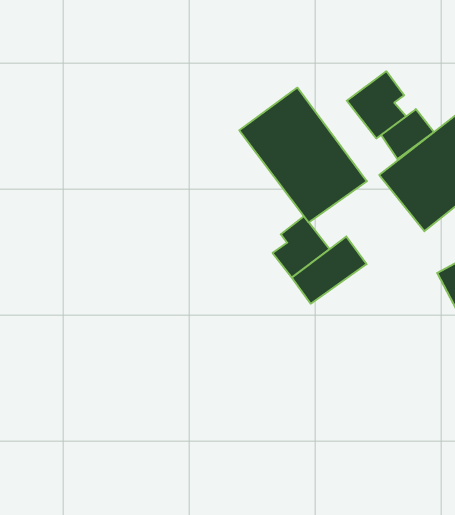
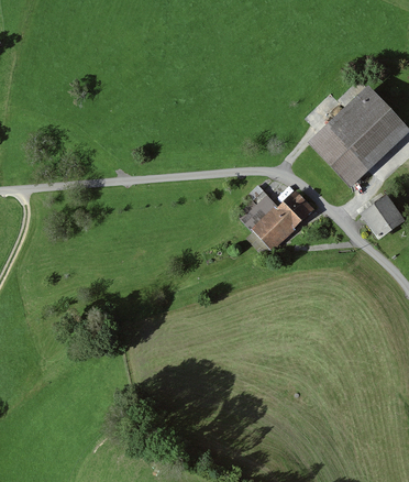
building: [347,71,406,138] -> none
building: [239,88,367,222] -> none

